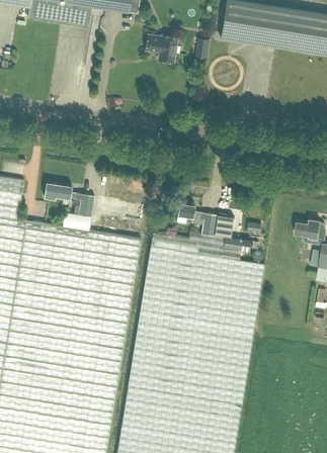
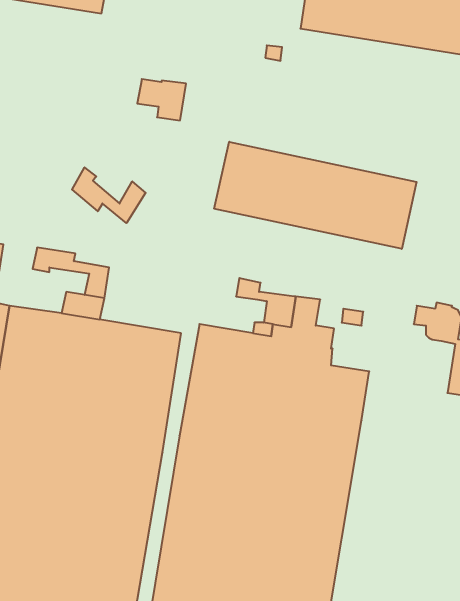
building: [145,34,177,62] -> [137,79,186,120]
building: none -> [214,142,417,249]
building: none -> [72,167,146,223]

